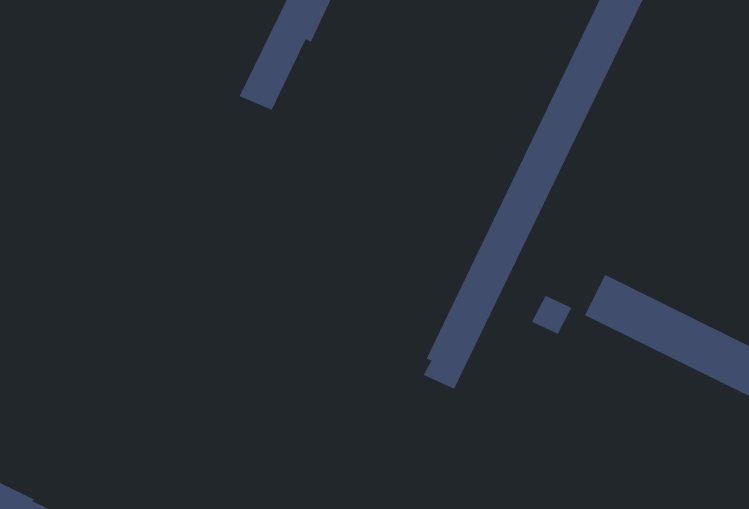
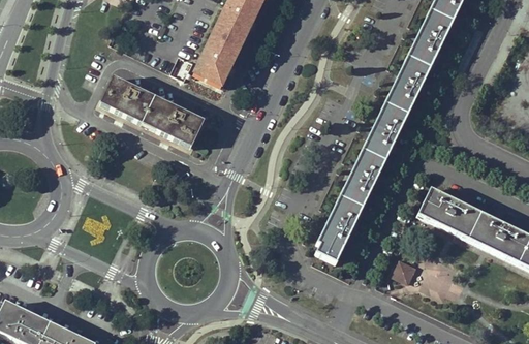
building: none -> [106,81,200,143]
building: [531,295,573,335] -> [393,257,419,283]

